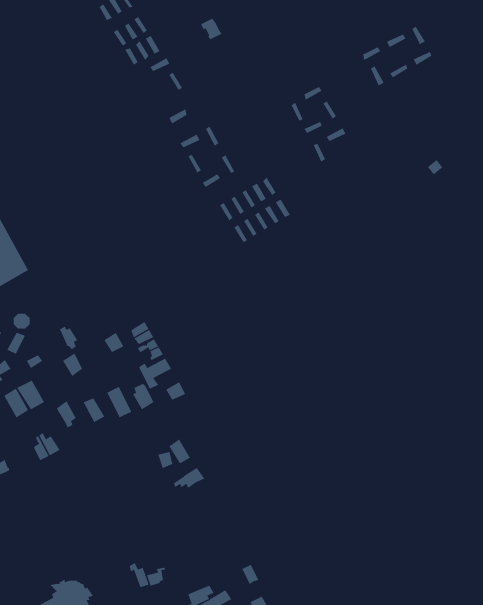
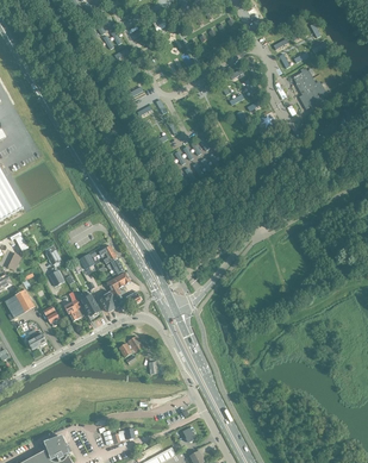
building: none -> [292,65,328,107]

